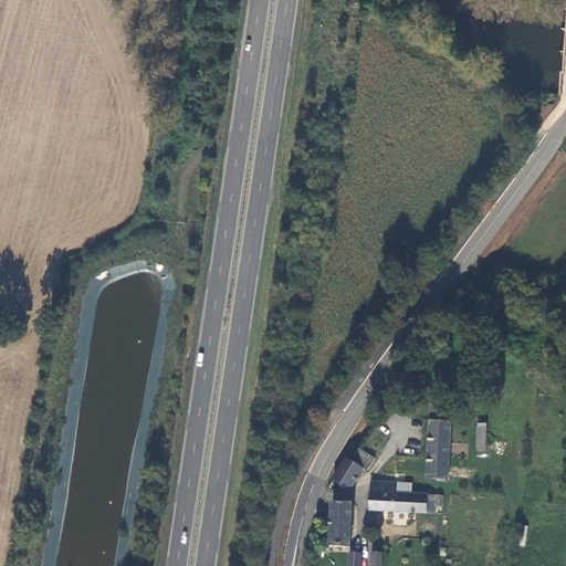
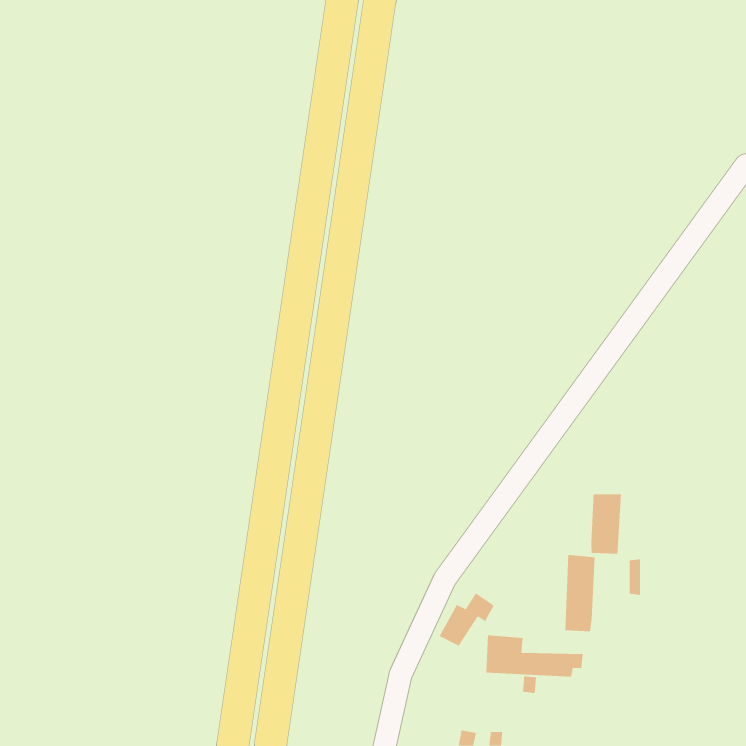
building: none -> [591,493,621,554]
building: [328,502,350,544] -> none

